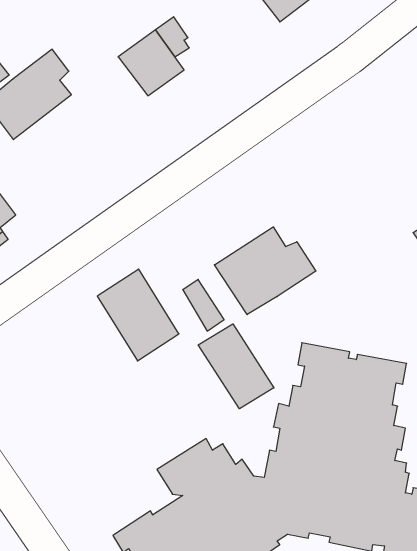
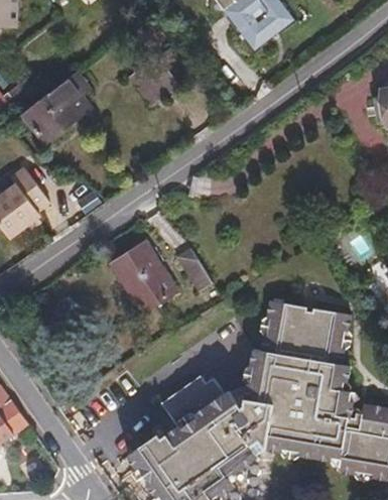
building: [214,227,316,315] -> none
building: [198,324,274,409] -> none

